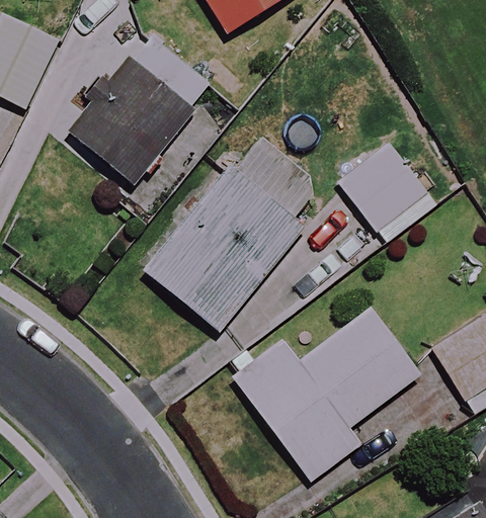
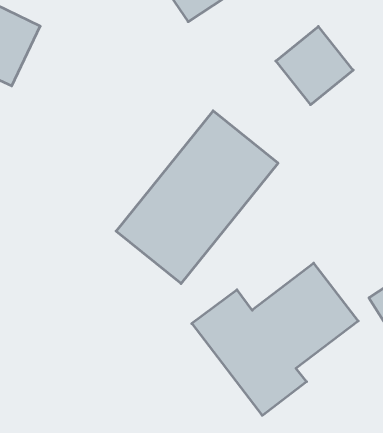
building: [68,59,191,184] -> none
building: [339,142,427,231] -> [276,26,353,105]

